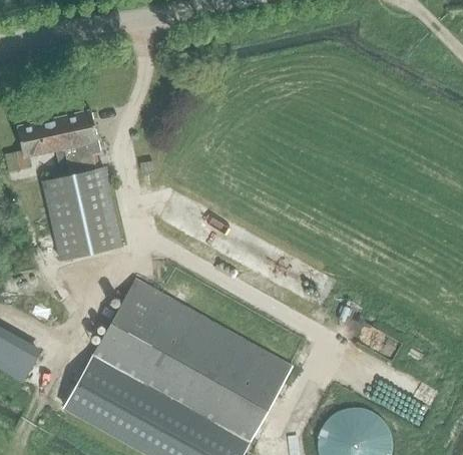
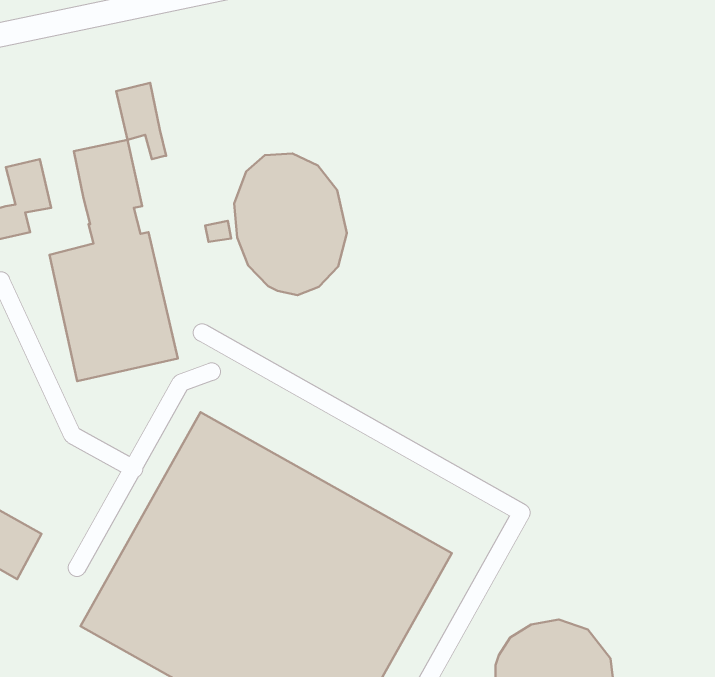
building: [37,116,68,163] -> [116,83,166,159]
building: none -> [234,153,347,295]

